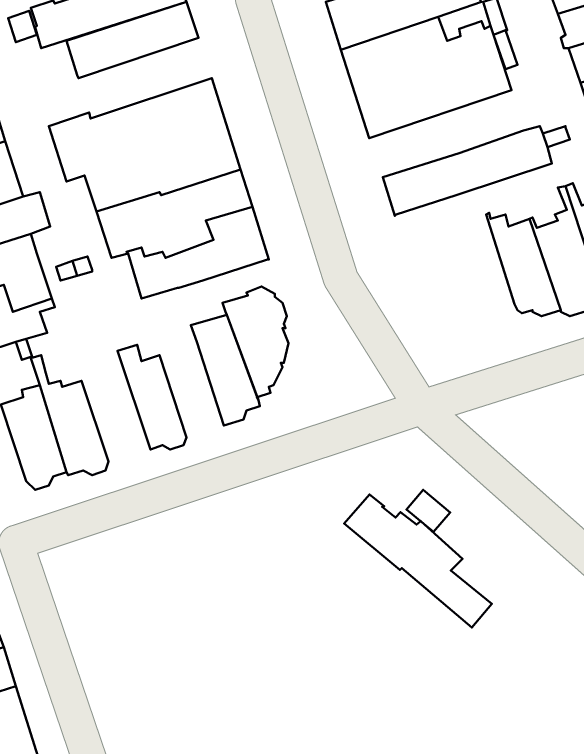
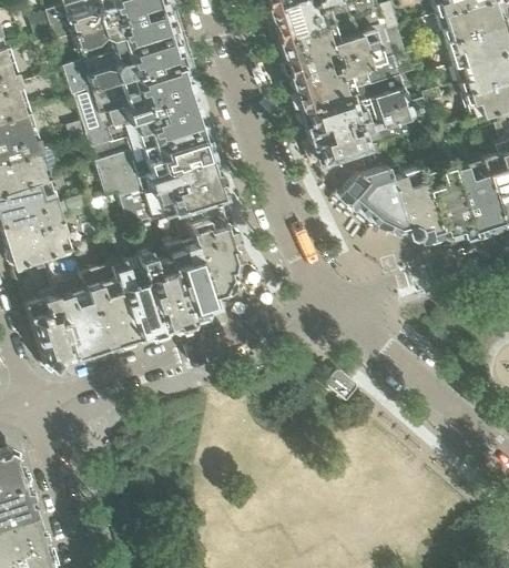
building: none -> [65,32,182,93]
building: none -> [298,71,413,135]
building: none -> [318,149,406,233]
building: none -> [175,196,228,237]
building: none -> [139,251,191,328]
building: none -> [82,263,136,346]
building: [344,495,492,627] -> none

